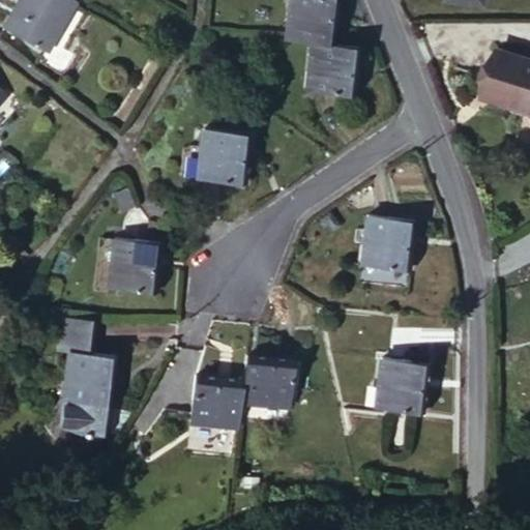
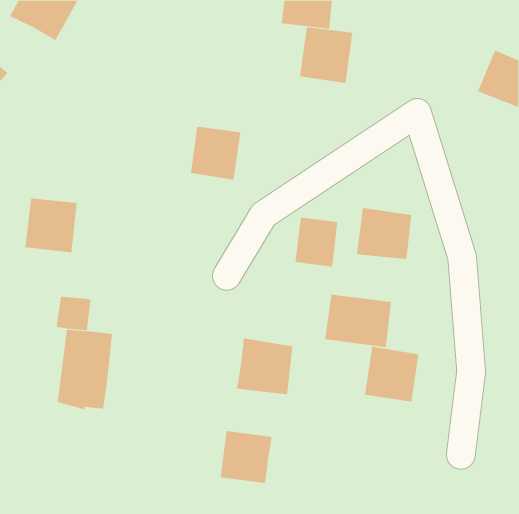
building: none -> [295,217,338,268]
building: [99,243,153,299] -> [24,198,77,253]
building: none -> [325,294,391,348]
building: [190,371,244,424] -> [220,431,273,484]

